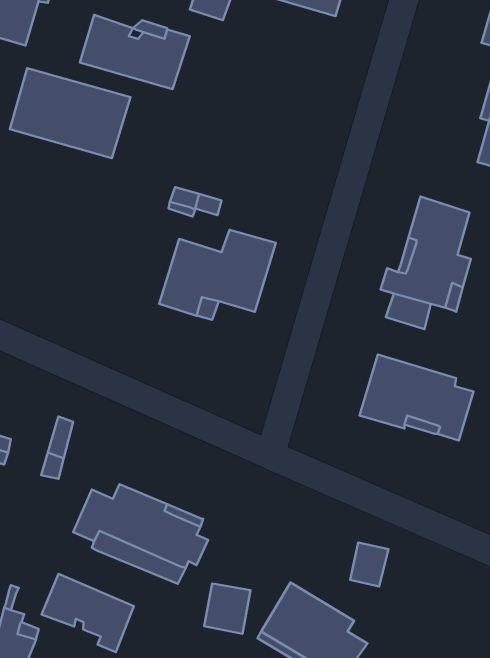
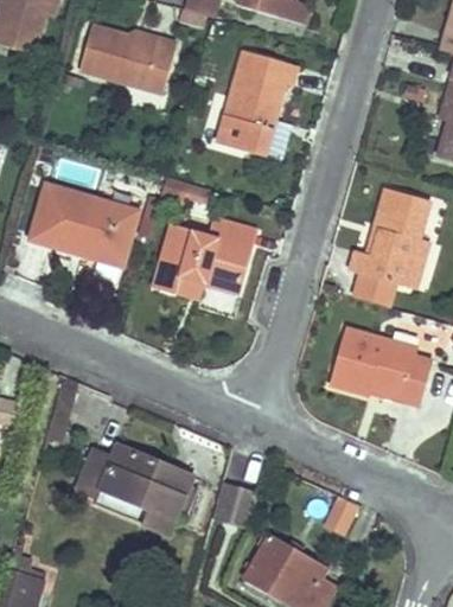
building: none -> [216,49,298,161]
building: [10,68,131,158] -> [31,184,139,264]
building: [42,574,134,652] -> none
building: [204,584,251,634] -> [213,483,255,528]

